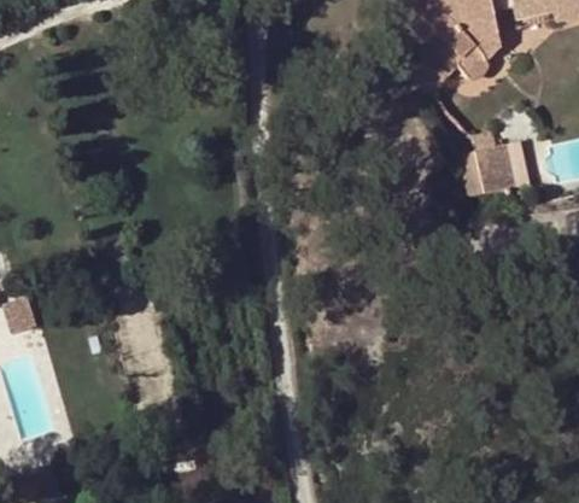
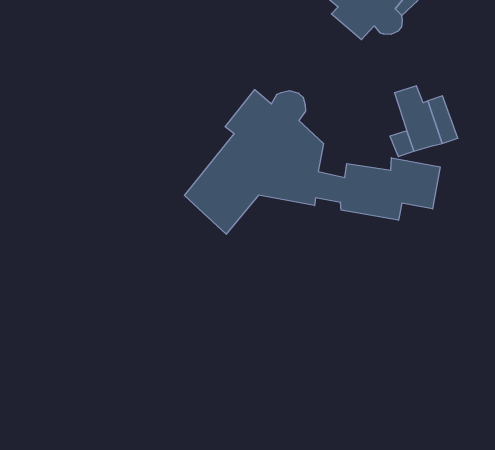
building: none -> [184,90,440,234]

